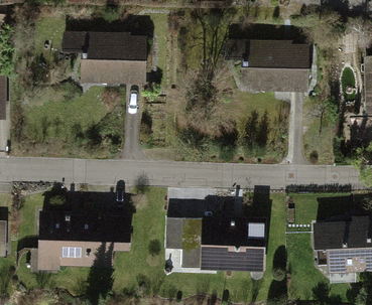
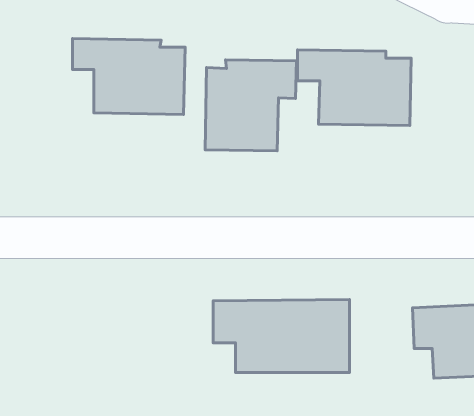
building: none -> [205,60,296,151]
building: [36,212,128,273] -> none

